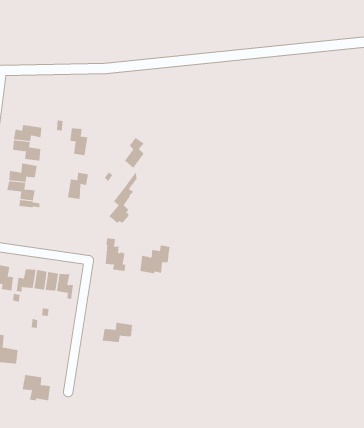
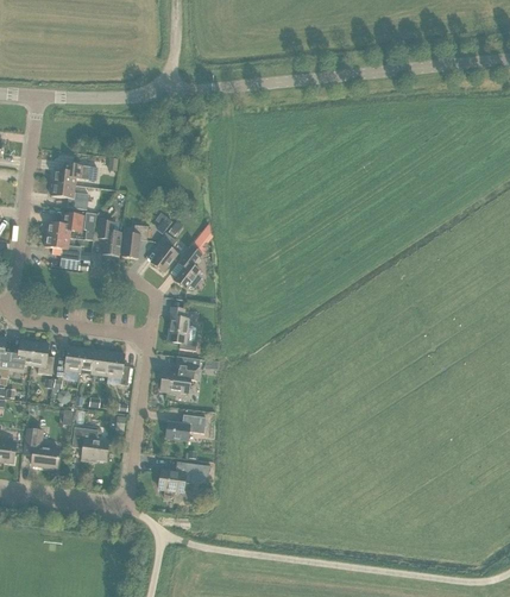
building: [69,128,88,156] -> [97,220,121,256]
building: [124,137,145,169] -> [151,232,177,272]
building: [139,245,170,274] -> [160,357,200,394]
building: none -> [158,463,210,492]
building: [22,374,51,401] -> [71,427,108,460]

